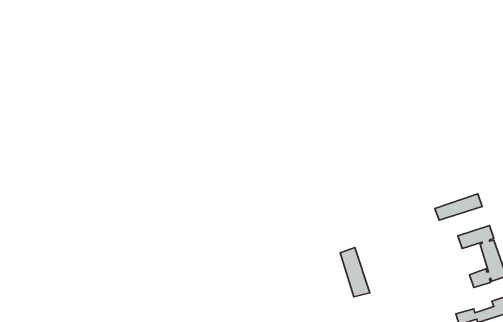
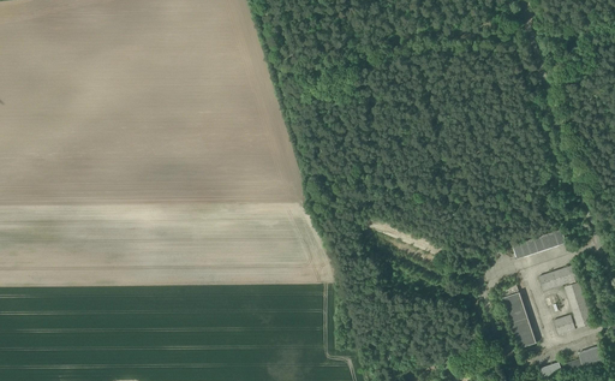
building: [340,247,370,297] -> [503,292,537,349]

